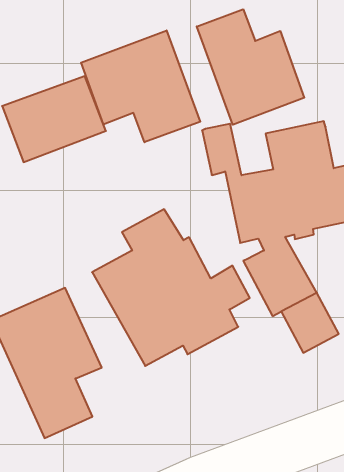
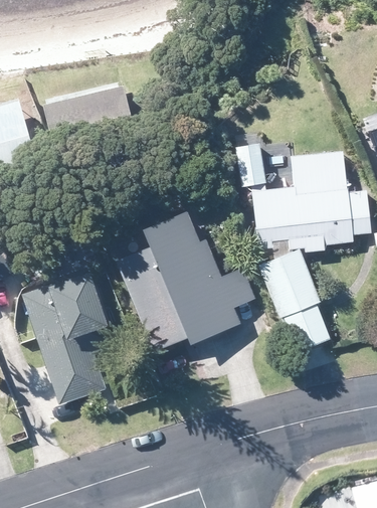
building: [197,9,304,125] -> none
building: [81,30,200,142] -> none

